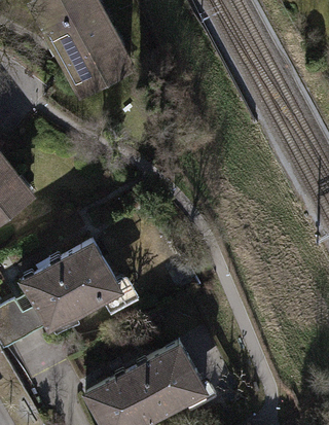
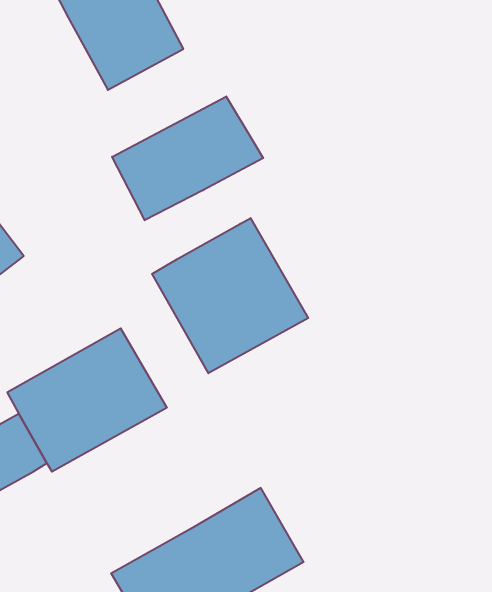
building: none -> [112,96,263,220]
building: none -> [152,218,308,373]

